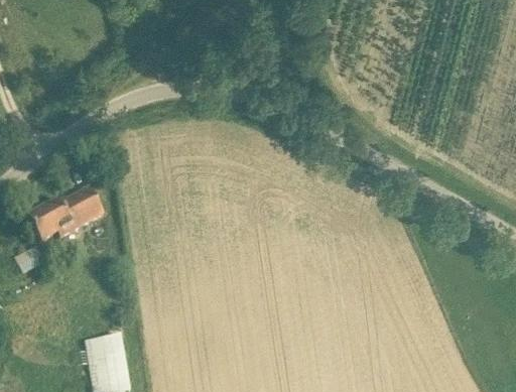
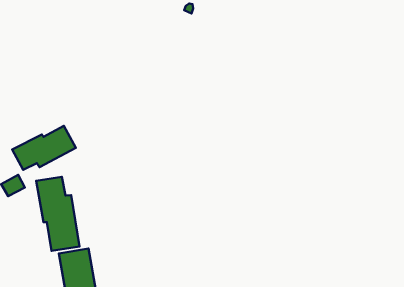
building: none -> [36,177,79,251]

